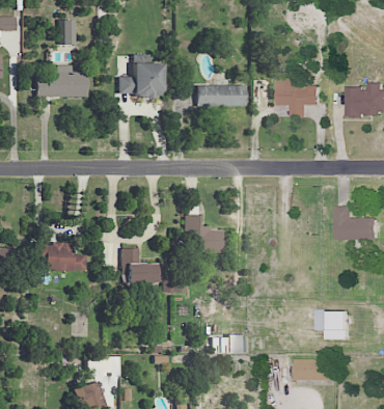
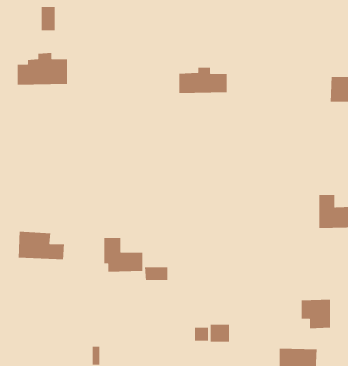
building: [118,62,161,96] -> none
building: [276,74,320,117] -> none
building: [184,214,223,252] -> none

